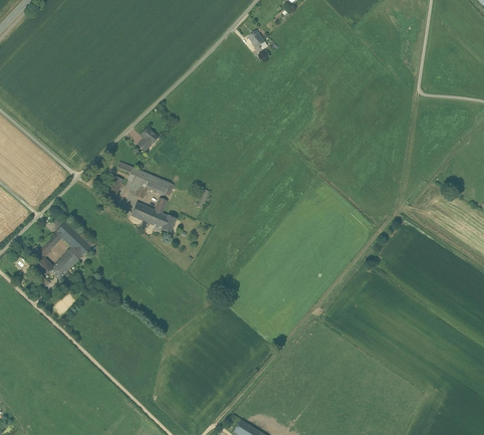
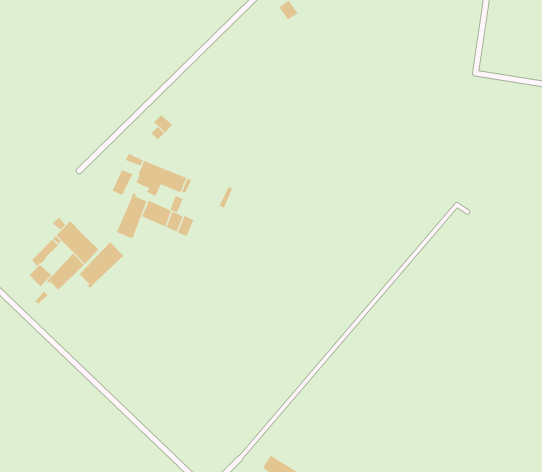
building: none -> [116,193,147,239]
building: none -> [79,241,124,288]

